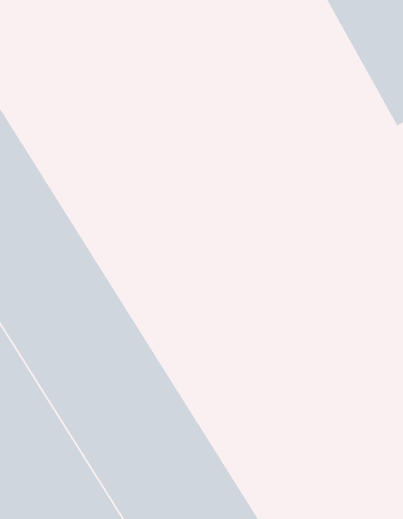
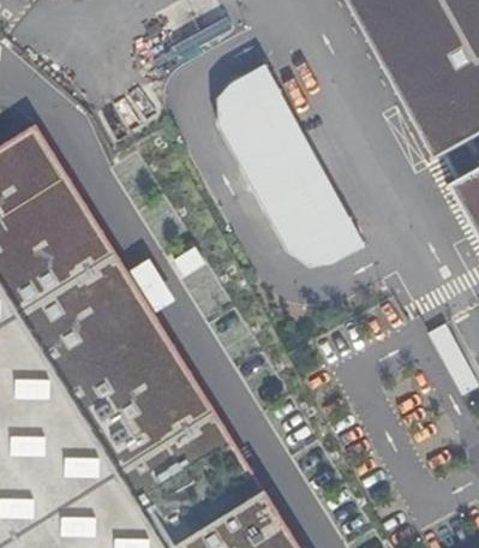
building: none -> [204,64,360,278]

